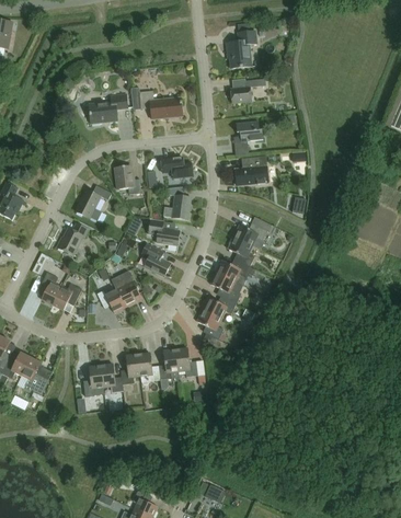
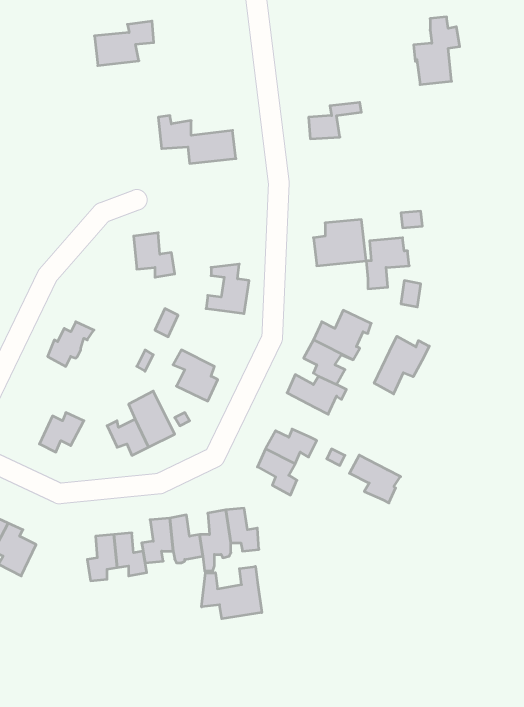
building: [227,24,257,69] -> [414,17,460,85]
building: [89,94,128,124] -> [94,21,154,66]
building: [234,122,263,156] -> [366,238,409,289]
building: [153,158,194,180] -> none
building: [76,185,112,221] -> none
building: [148,219,181,246] -> none
building: none -> [374,336,429,394]
building: [210,272,244,303] -> [349,455,401,503]
building: [37,273,61,306] -> none
building: none -> [202,566,262,619]

